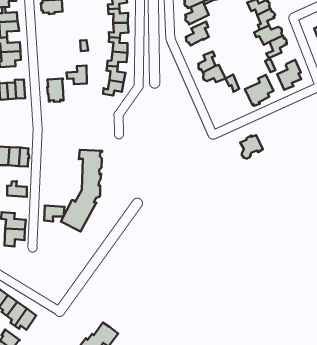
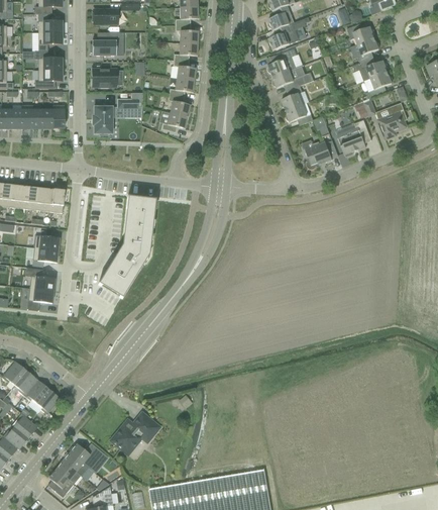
building: none -> [90,32,124,56]
building: none -> [273,70,315,90]
building: none -> [91,69,117,88]
building: [240,135,263,159] -> [306,141,333,170]
building: [44,206,64,221] -> [32,247,59,268]

